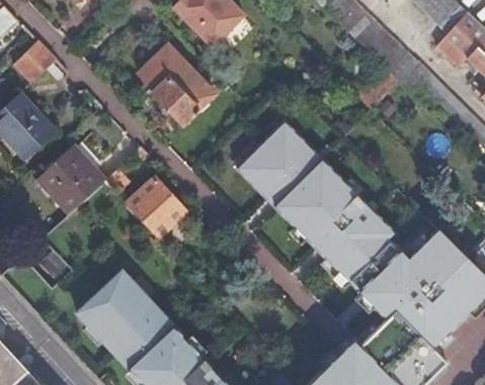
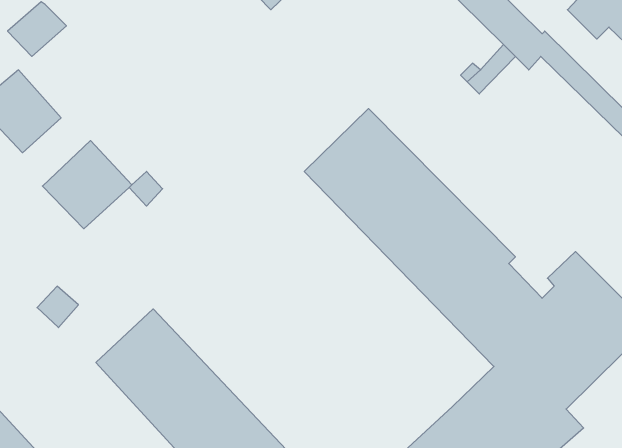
building: [138,45,214,125] -> none
building: [126,178,185,238] -> none

